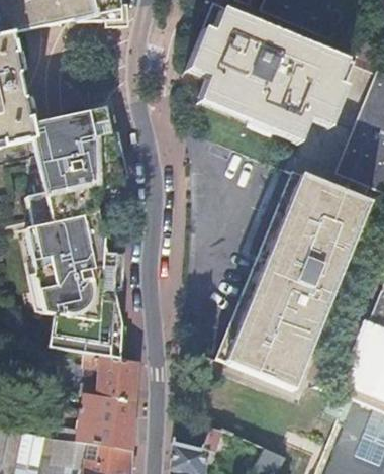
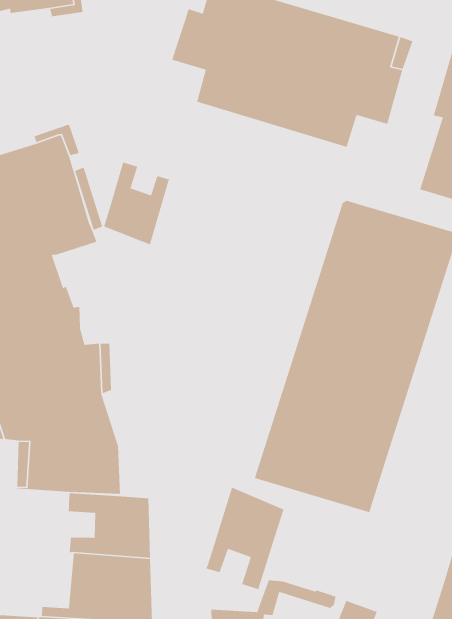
building: none -> [103,161,170,246]
building: none -> [205,486,284,590]

